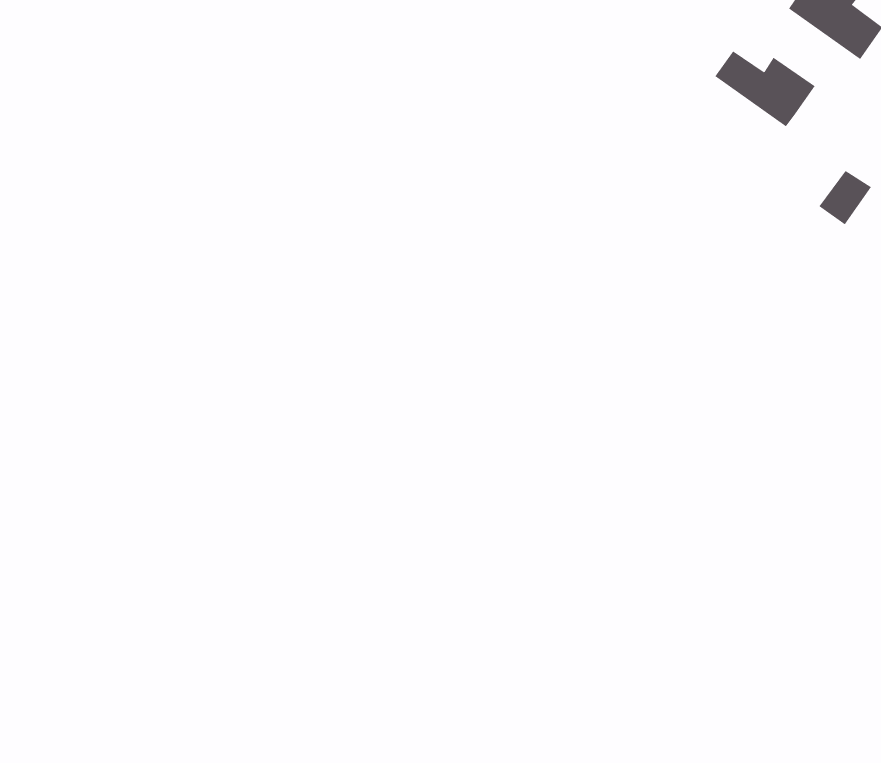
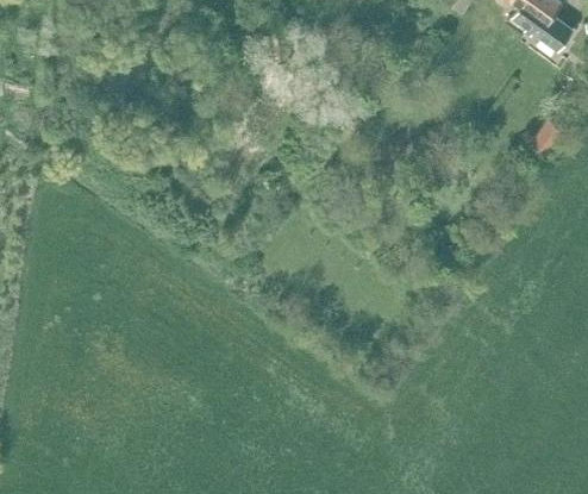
building: [715,50,815,127] -> none

